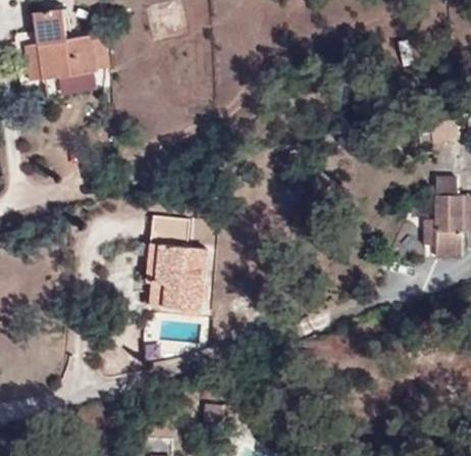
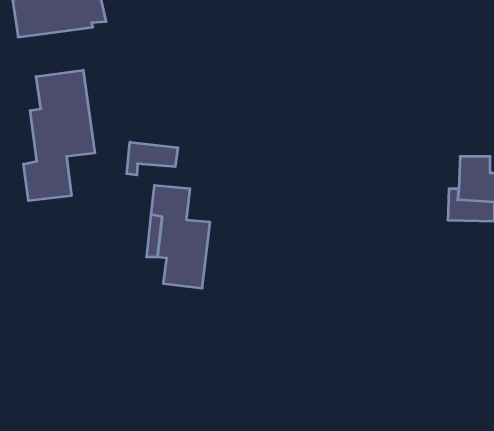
building: none -> [23,70,95,201]
building: none -> [127,142,178,175]

